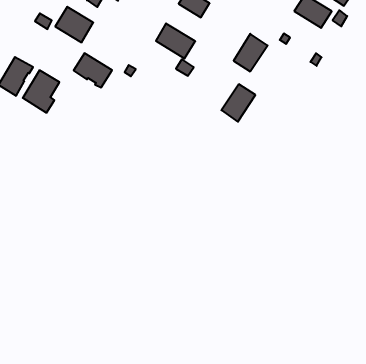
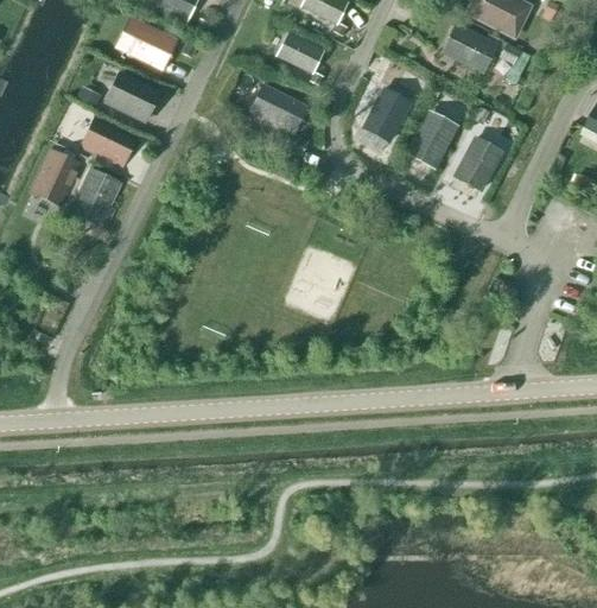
building: [74,53,112,87] -> [82,119,136,165]
building: none -> [455,137,501,190]
building: [221,84,255,122] -> [409,113,456,166]

